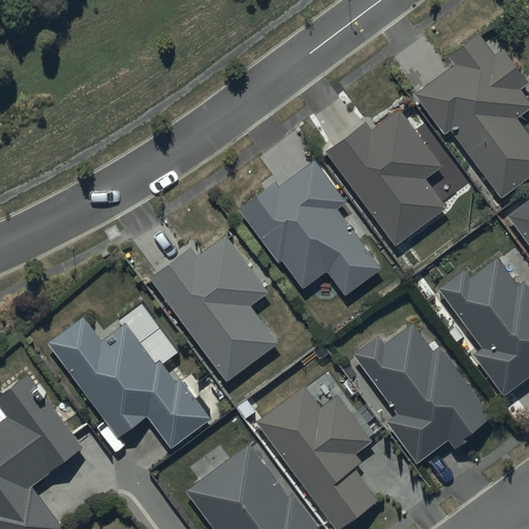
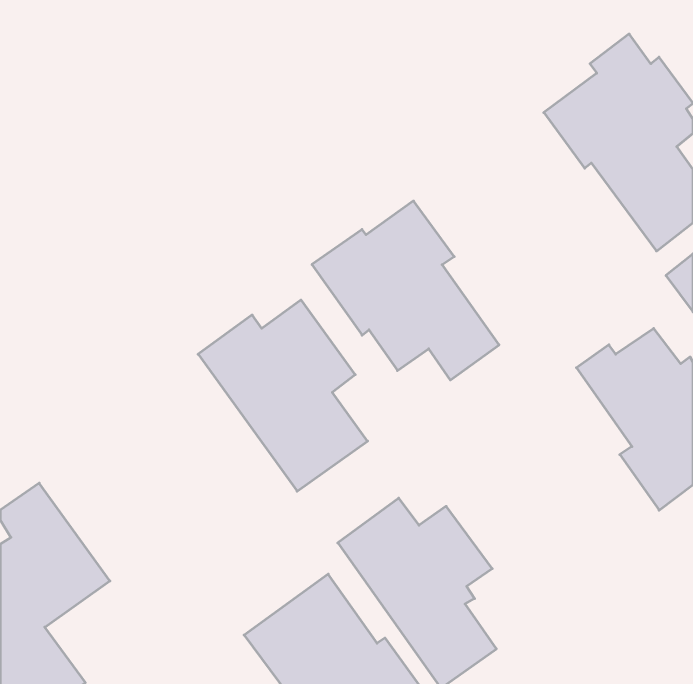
building: [328,111,446,246] -> none
building: [49,316,211,449] -> none
building: [352,323,491,463] -> none

